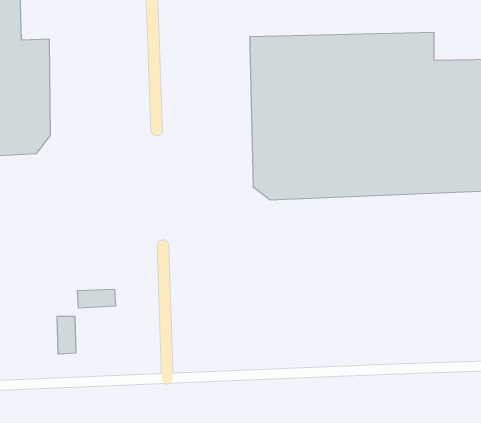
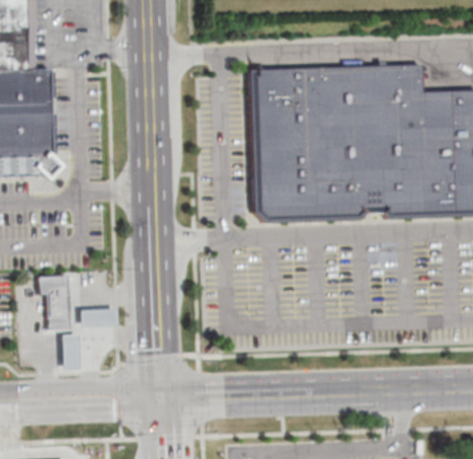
building: none -> [40,272,72,330]

